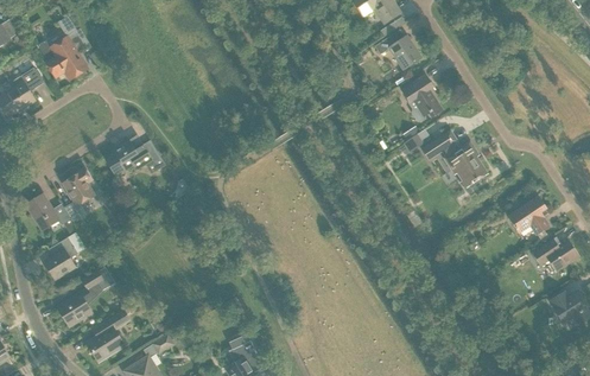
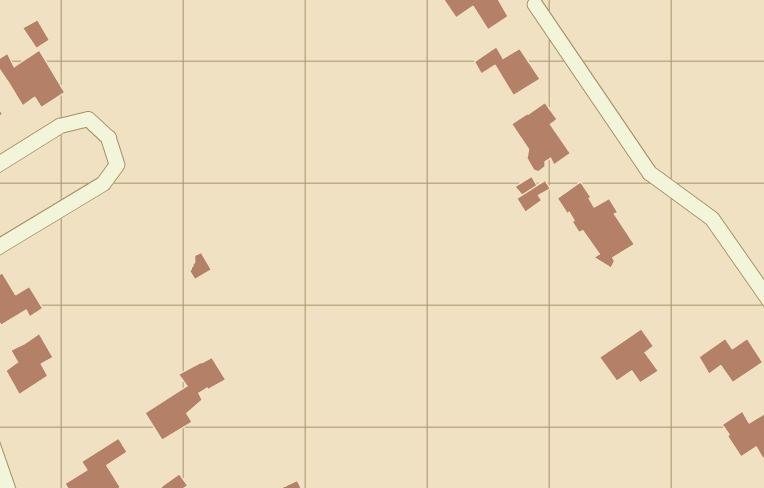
building: [106,135,165,176] -> none
building: [63,167,95,222] -> none
building: [508,196,550,234] -> [599,329,658,383]
building: [58,267,115,325] -> [145,358,226,440]

